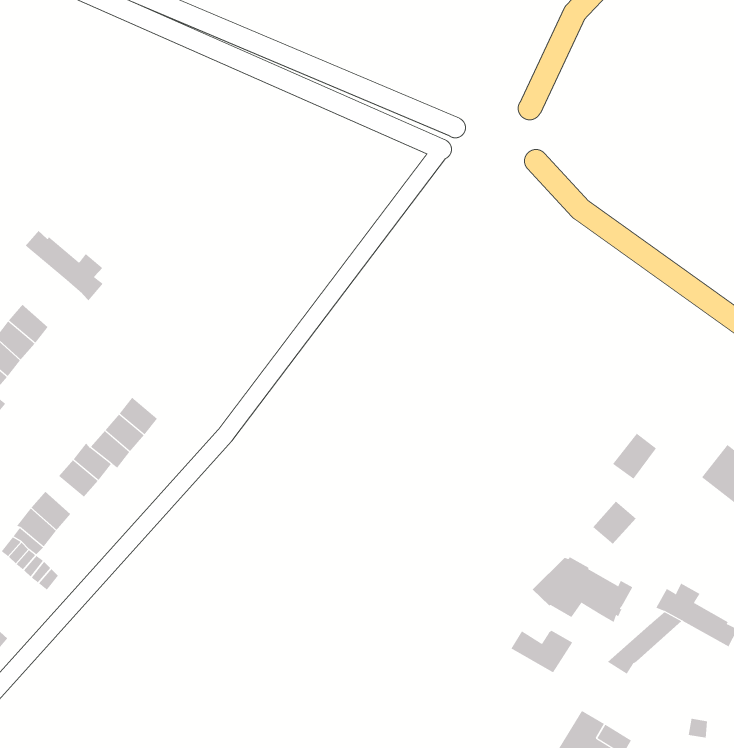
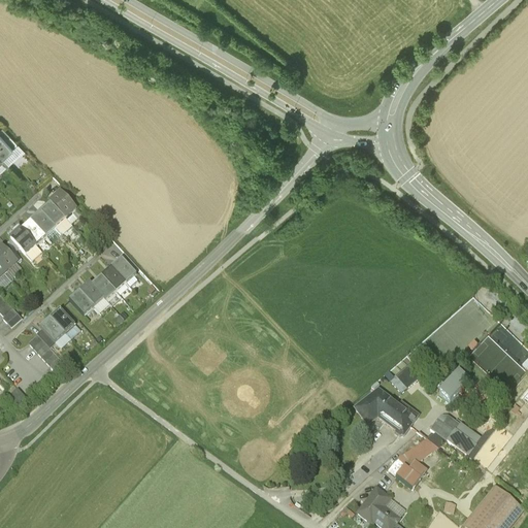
building: [25,230,103,301] -> none
building: [612,433,657,480] -> [440,370,469,399]
building: [511,630,573,673] -> [388,456,427,485]

